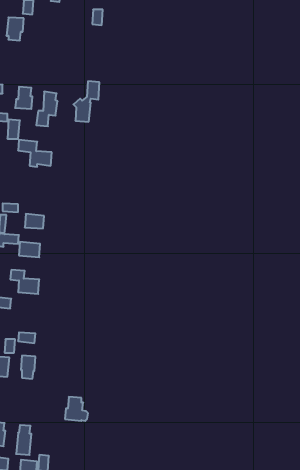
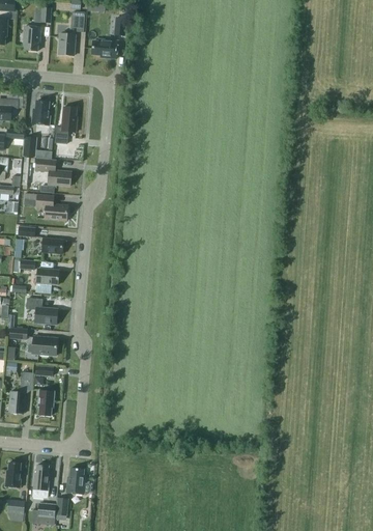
building: none -> [92,38,118,58]
building: [73,81,99,122] -> [57,11,85,55]
building: none -> [36,194,68,220]
building: none -> [32,336,57,356]
building: [65,397,88,421] -> [66,468,91,494]

